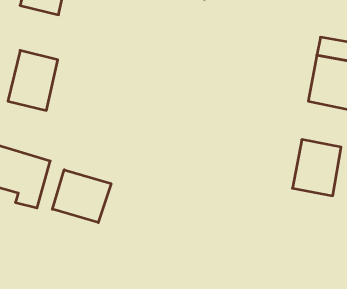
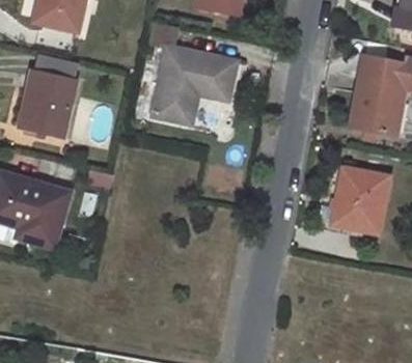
building: none -> [152,48,234,123]
building: [52,170,111,223] -> none

